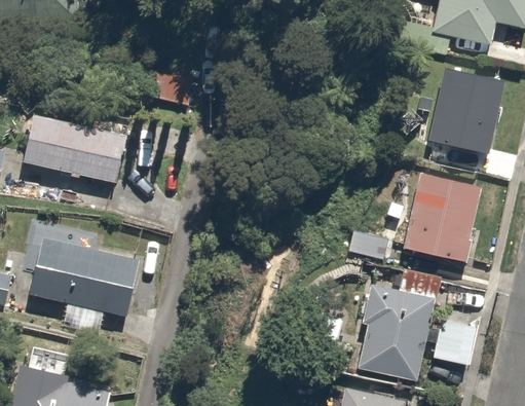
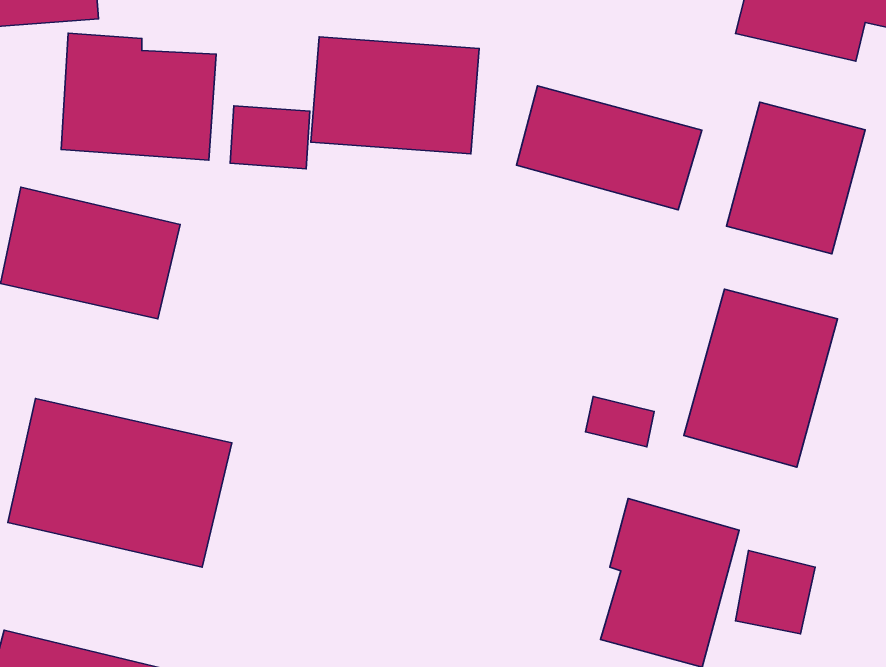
building: none -> [61,33,216,160]
building: none -> [311,37,479,154]
building: none -> [517,86,702,210]

